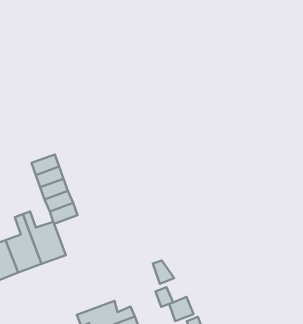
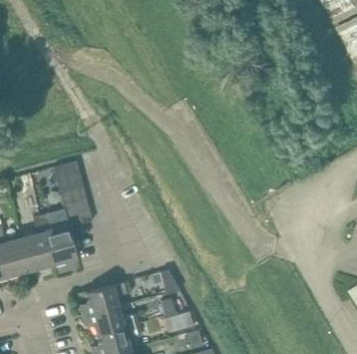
building: none -> [79,282,128,317]

